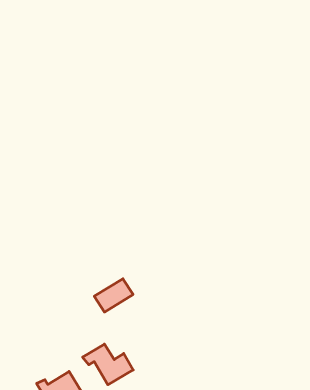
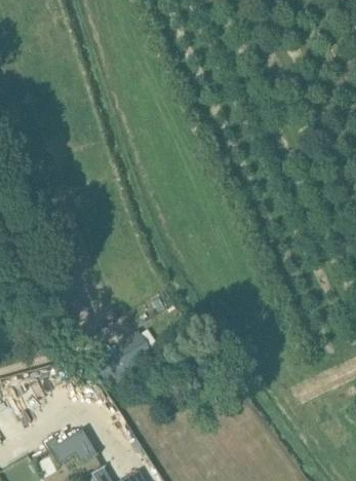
building: [83,344,133,385] -> none

